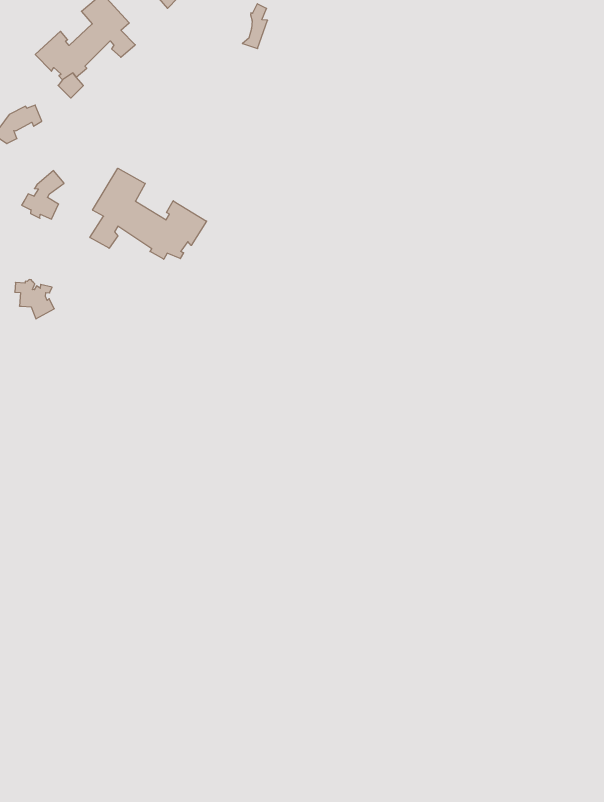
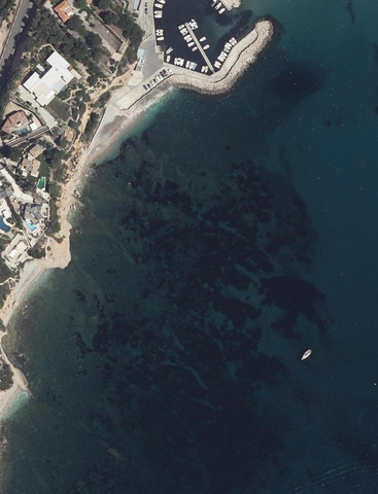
building: [90,168,207,259] -> none

